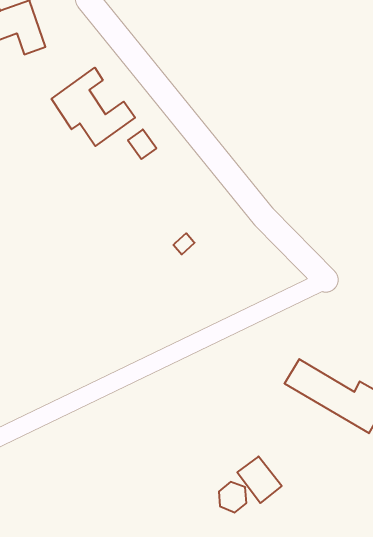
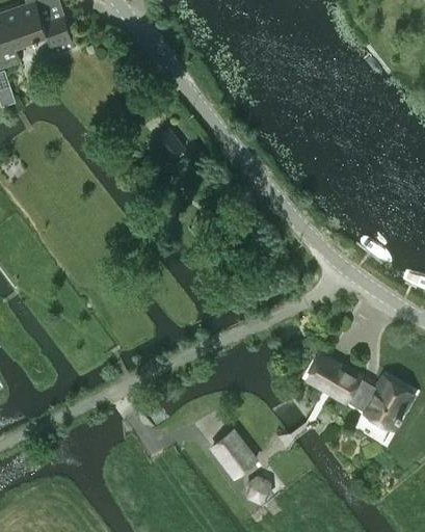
building: [52,68,135,146] -> none
building: [237,456,282,503] -> [211,430,255,476]

